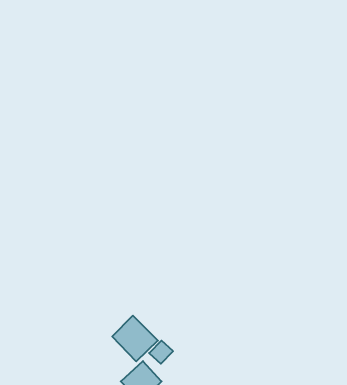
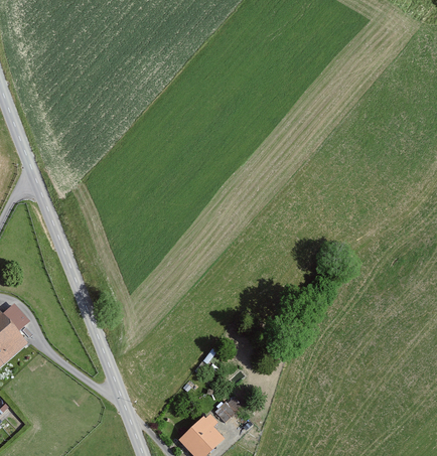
building: [112,316,158,361] -> none

